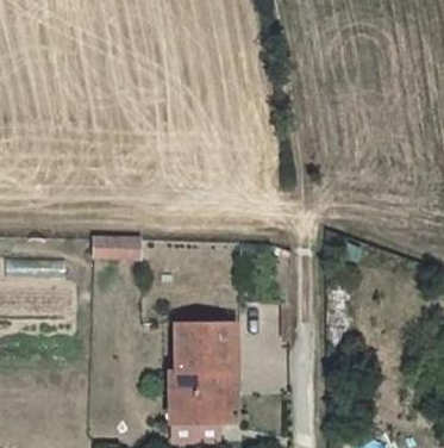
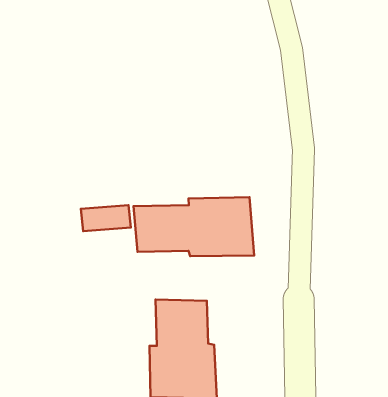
building: none -> [133,197,254,256]

